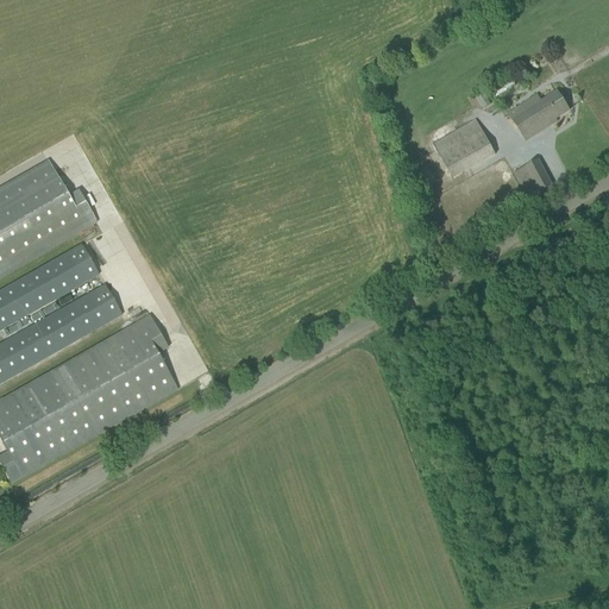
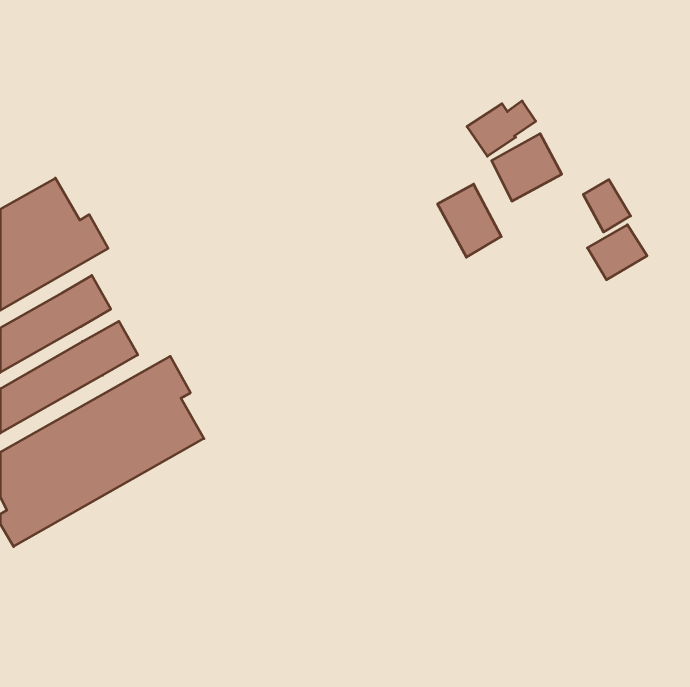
building: [508,90,569,139] -> [467,101,536,156]
building: none -> [438,184,501,257]
building: none -> [587,225,647,280]

